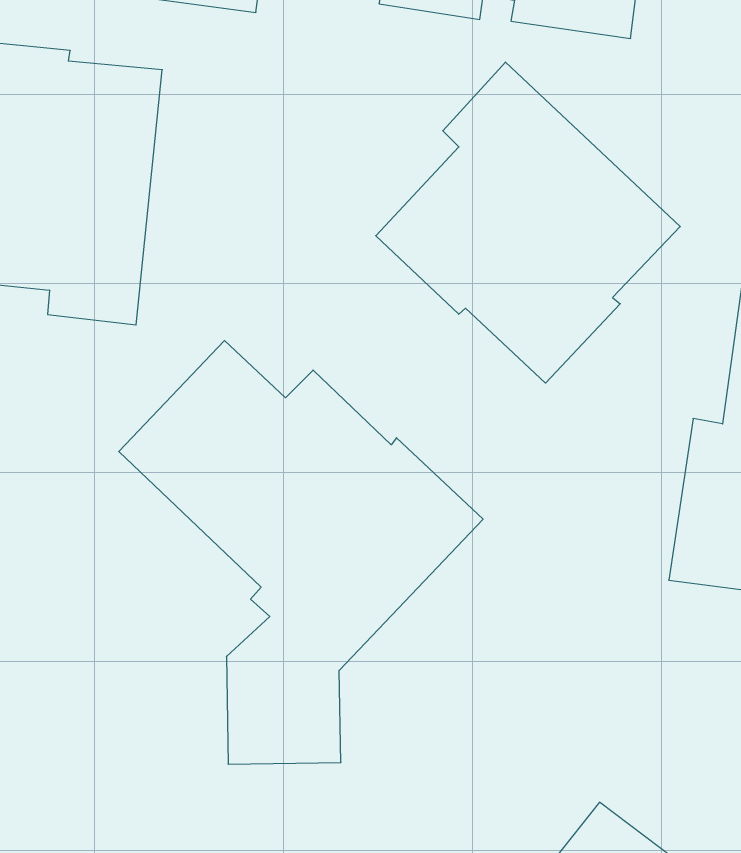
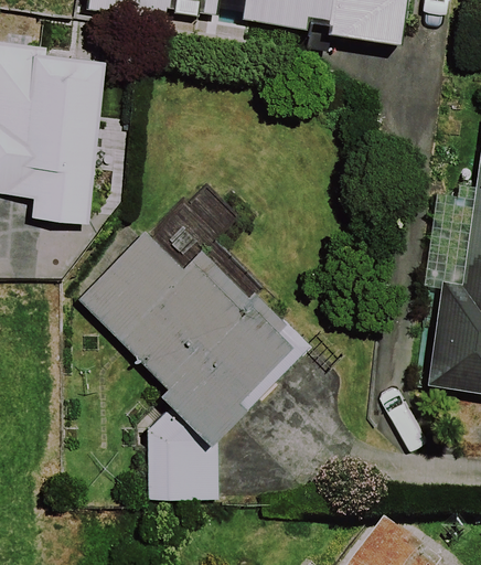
building: [376,62,680,383] -> none

